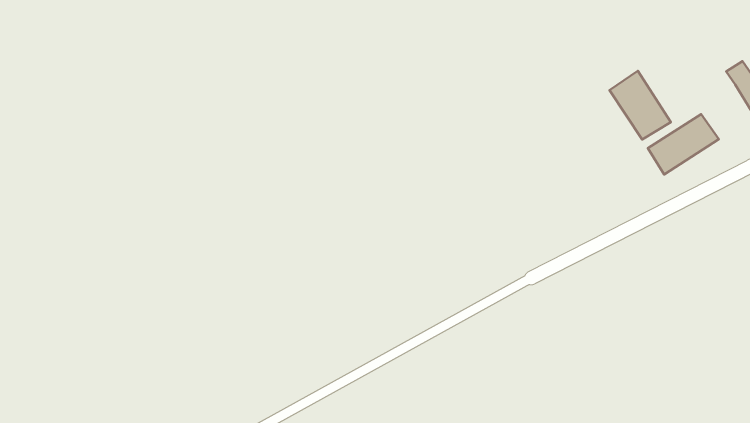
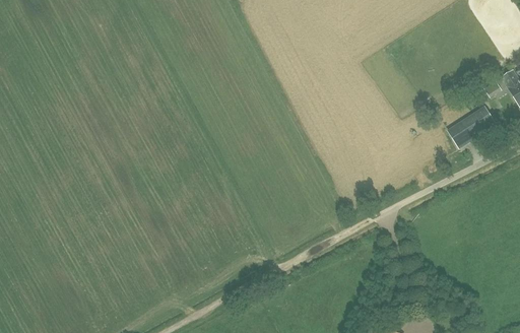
building: [609,71,671,139] -> none

